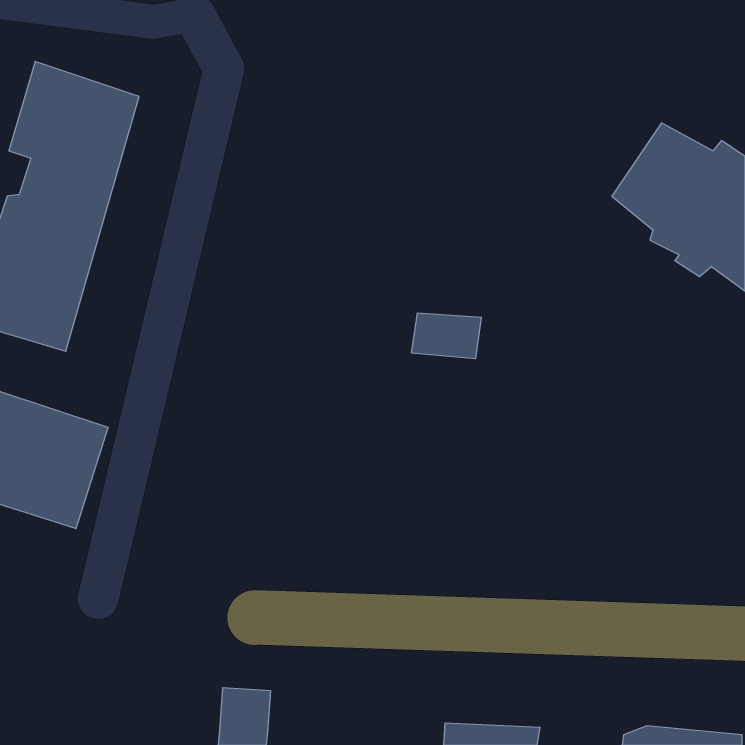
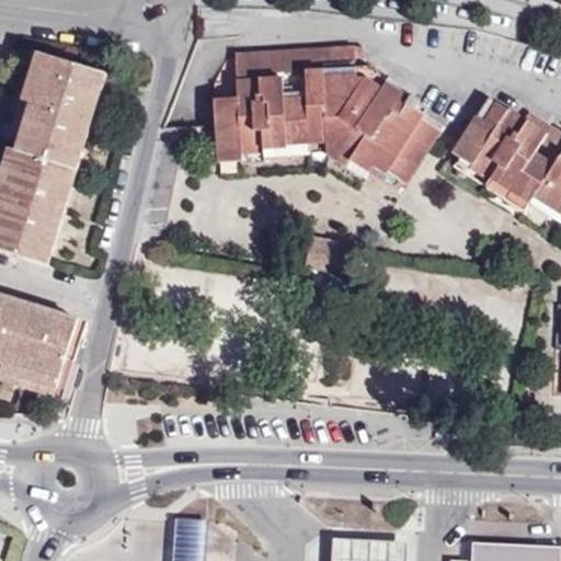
building: none -> [210,47,445,180]

